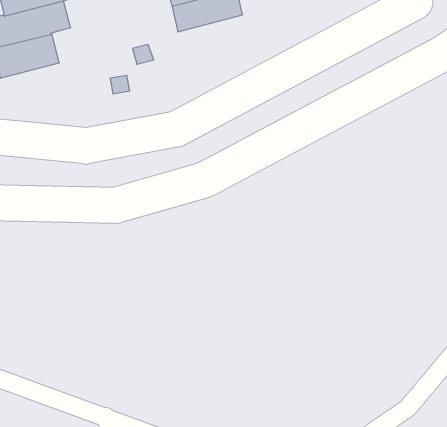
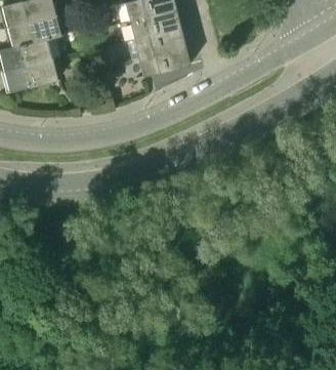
building: none -> [138,46,191,77]

